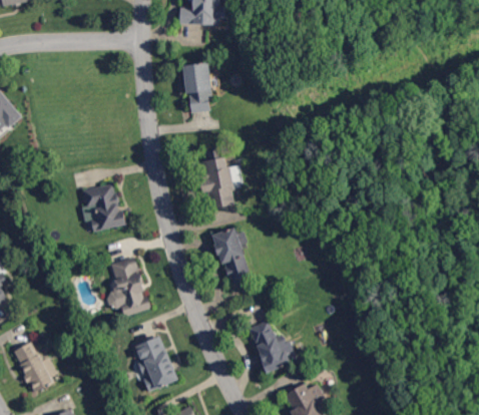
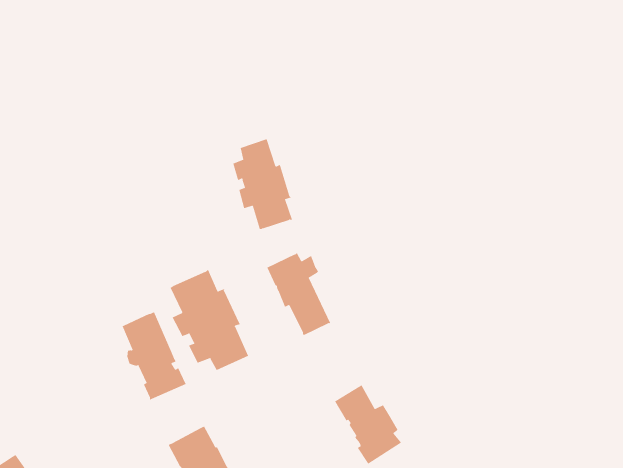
building: [182,62,212,113] -> none
building: [79,184,124,233] -> none
building: none -> [170,269,249,371]

